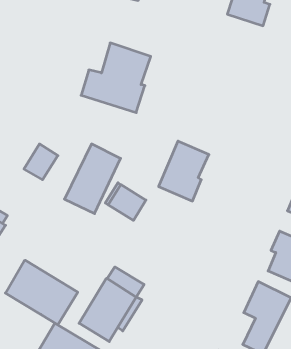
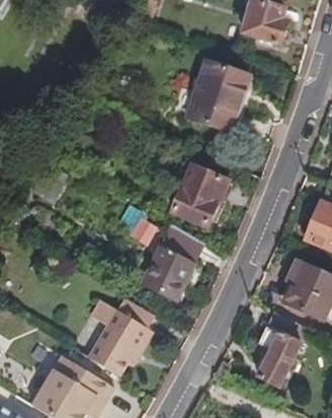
building: [81,43,151,113] -> [174,60,247,133]
building: [64,144,121,214] -> [143,226,201,299]
building: [5,260,78,325] -> none

